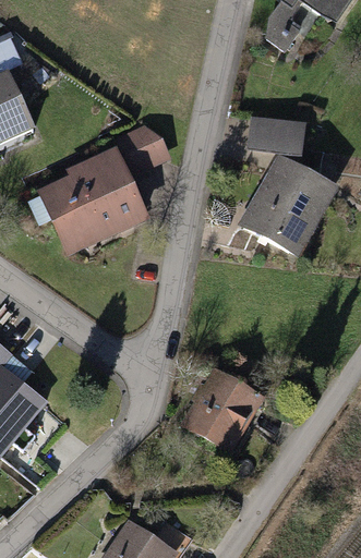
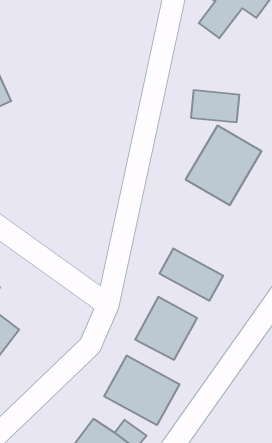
building: [40,122,163,250] -> none
building: none -> [160,248,223,301]
building: none -> [104,355,179,425]

